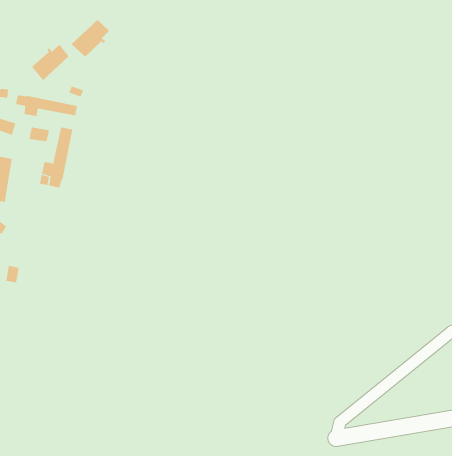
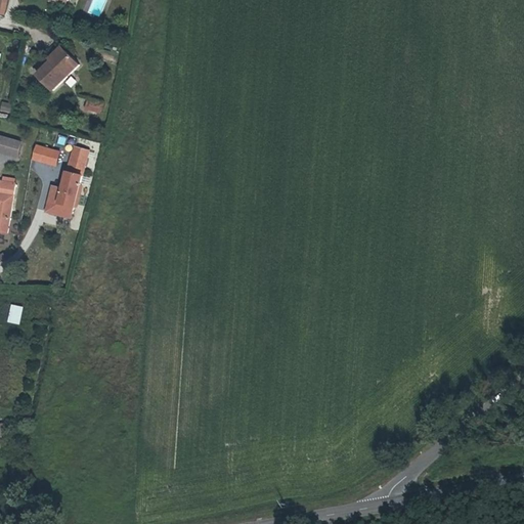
building: [71,19,110,58] -> none
building: [16,95,78,117] -> none

